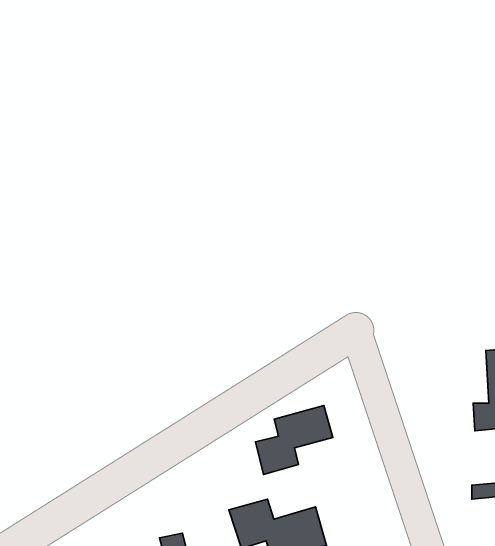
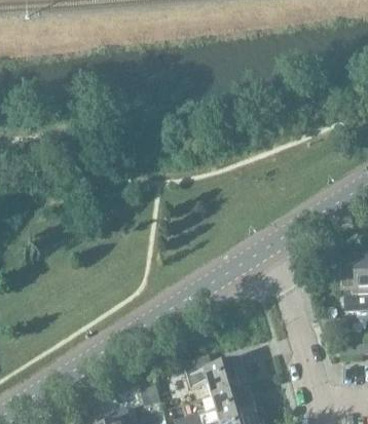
building: [256,406,333,474] -> none

